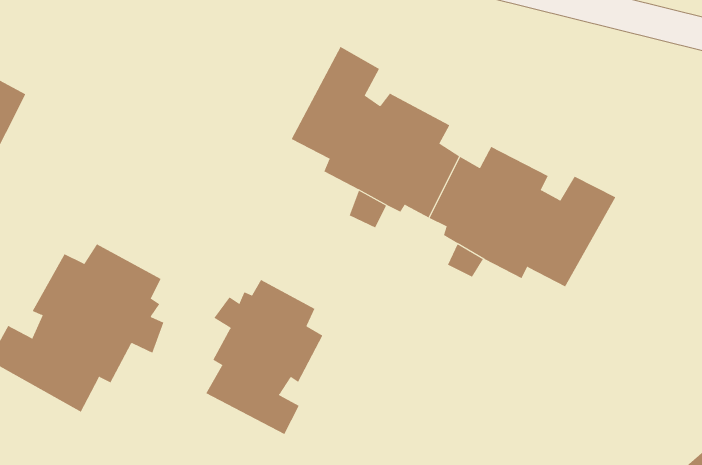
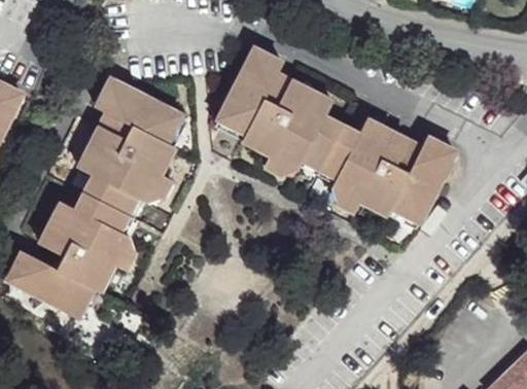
building: none -> [74,78,178,217]
building: [206,279,323,435] -> none

